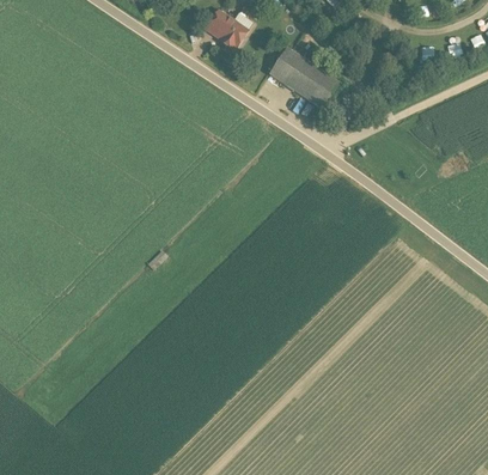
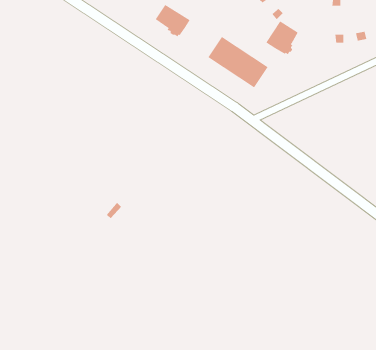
building: none -> [265,21,299,55]

